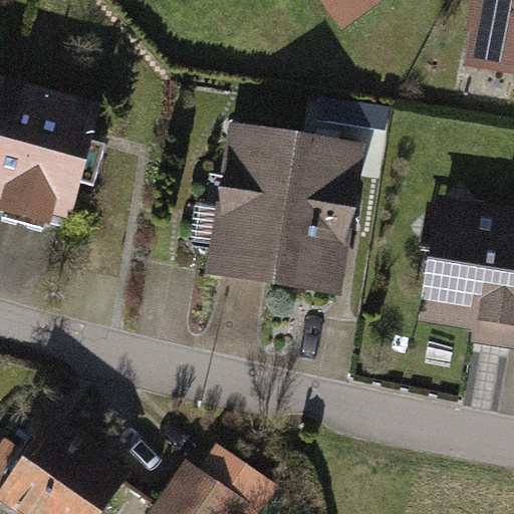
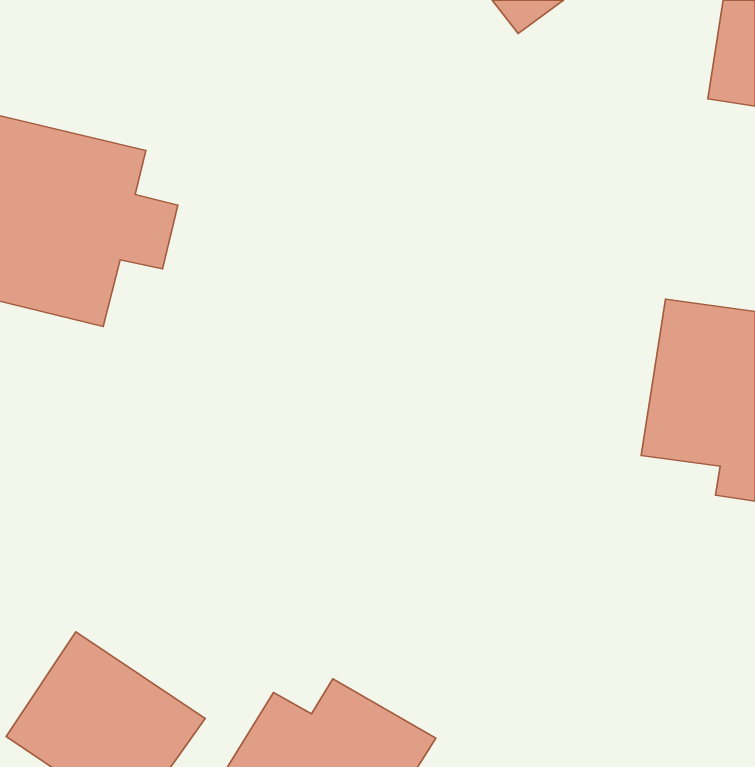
building: [210,128,359,285] -> none

